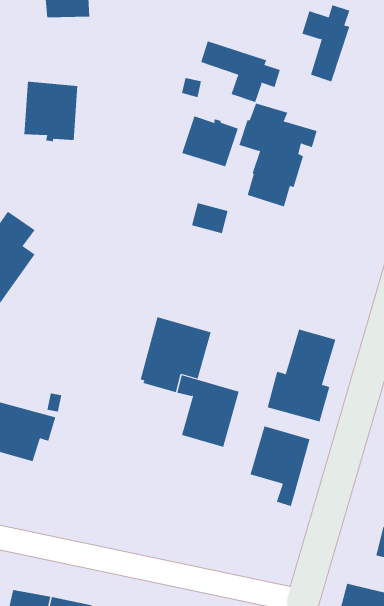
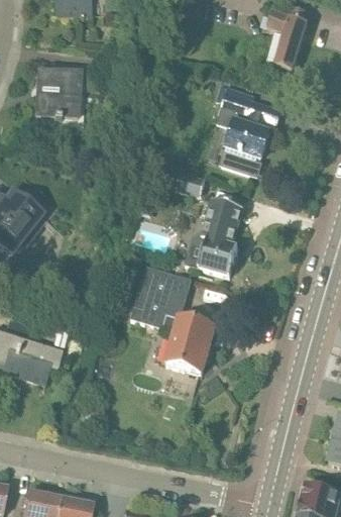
building: [200,40,281,103] -> none
building: [181,115,239,167] -> none
building: [267,329,336,422] -> [185,197,242,275]
building: [250,425,310,507] -> none

